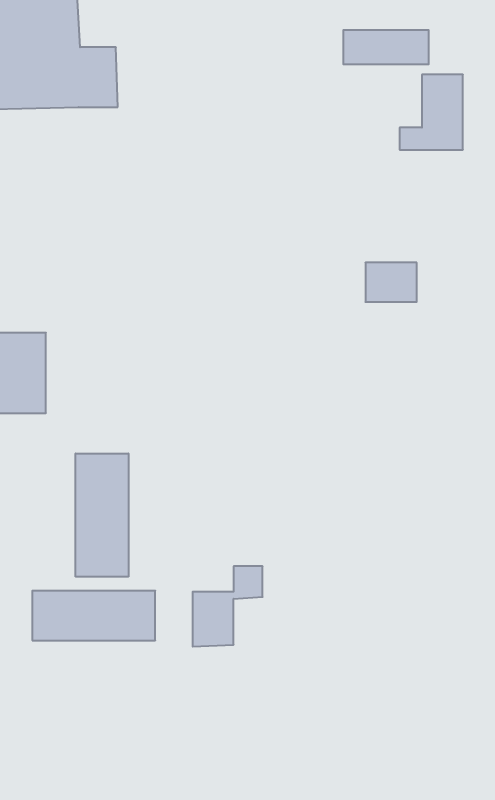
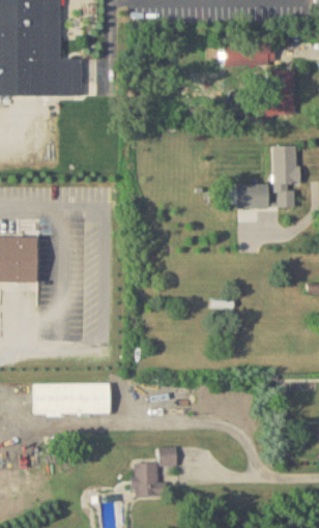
building: none -> [273,147,295,206]
building: [76,453,128,577] -> none
building: [193,566,263,647] -> [133,447,175,496]

